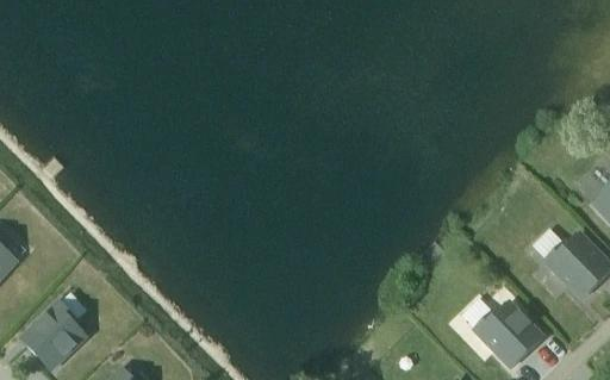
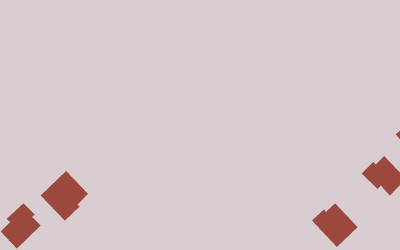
building: none -> [40,170,89,221]

